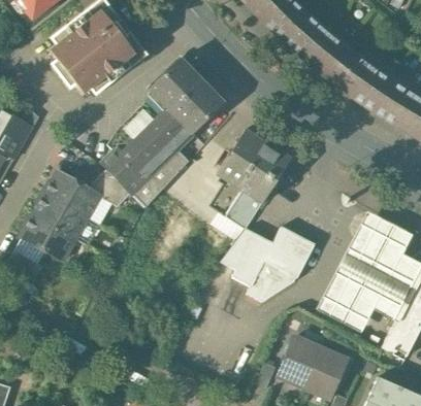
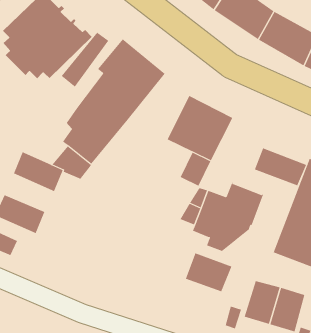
building: [132,147,189,205] -> [61,32,109,88]
building: [33,192,88,237] -> none
building: none -> [254,147,307,186]
building: none -> [185,253,232,292]

